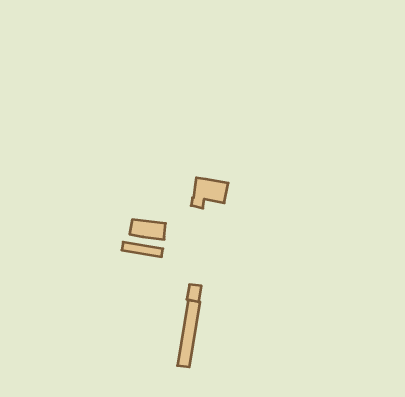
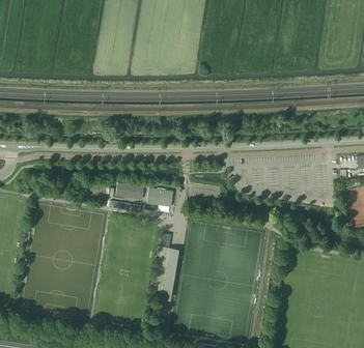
building: [191,178,228,208] -> [145,187,174,211]

